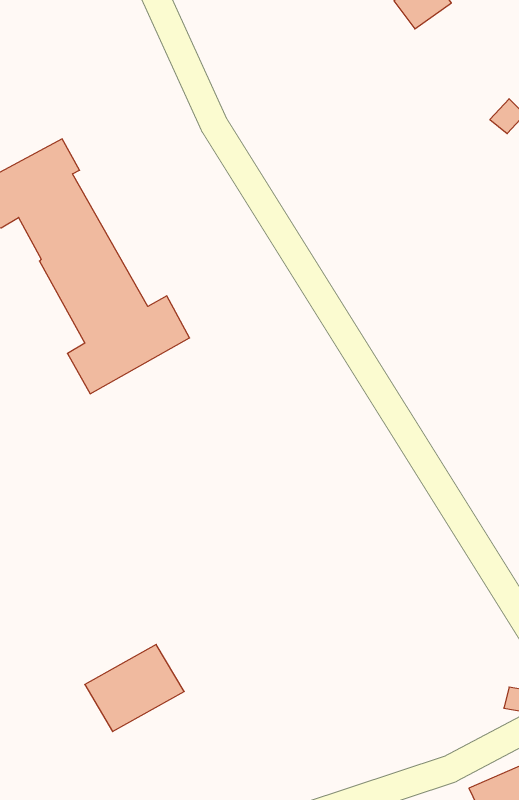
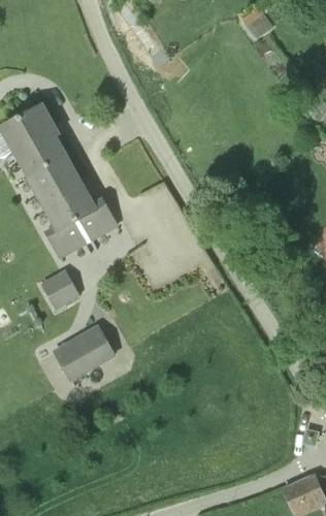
building: none -> [42,270,80,309]
building: [85,644,184,732] -> [56,327,115,379]

